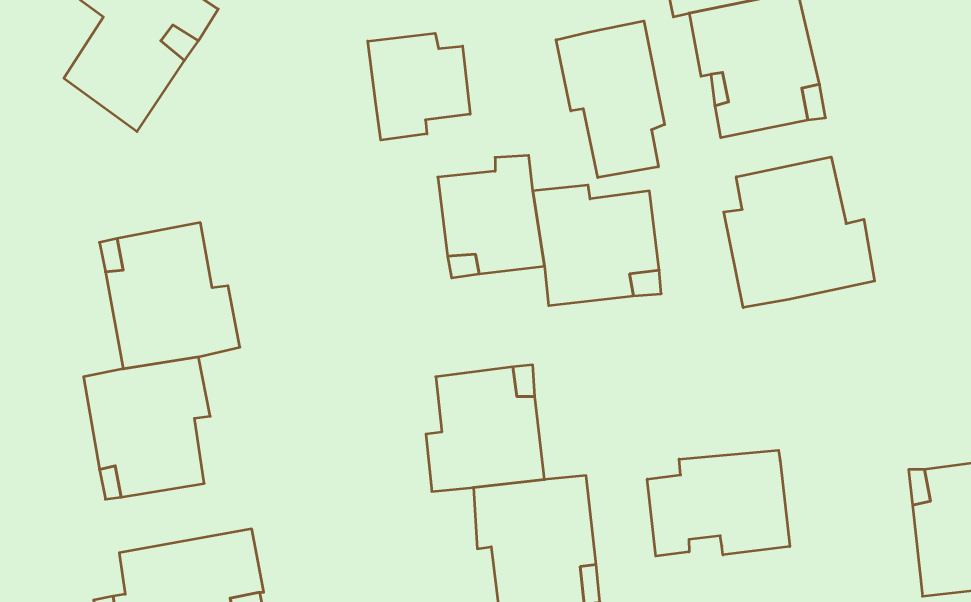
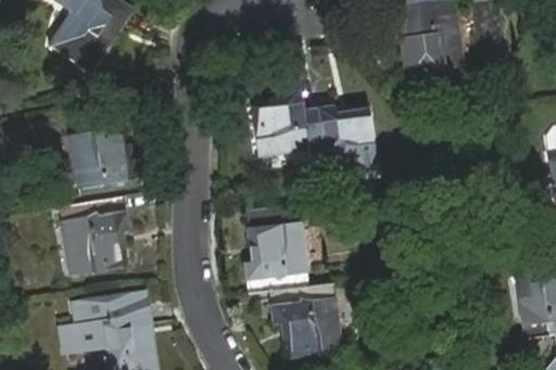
building: [556,21,665,178] -> none
building: [368,33,470,140] -> none
building: [724,157,875,308] -> none
building: [647,450,790,556] -> none

